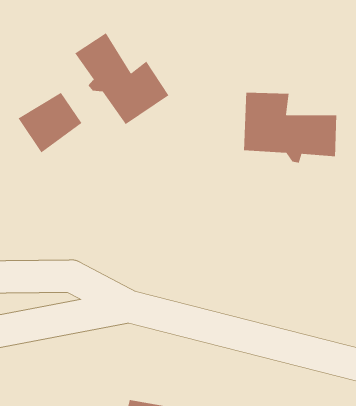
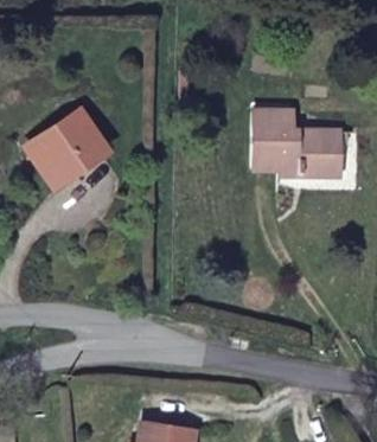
building: [74,32,169,125] -> none

